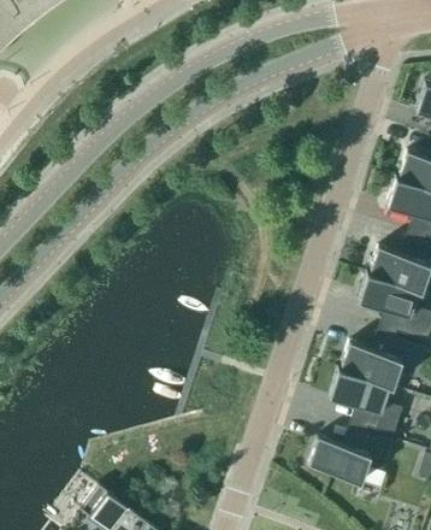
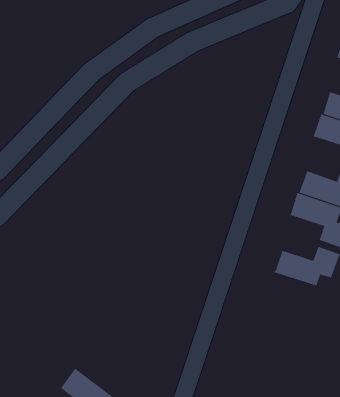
building: [329,371,401,437] -> none
building: [309,434,390,483] -> none

